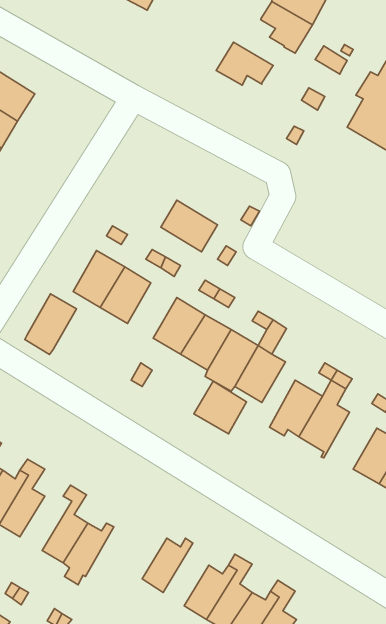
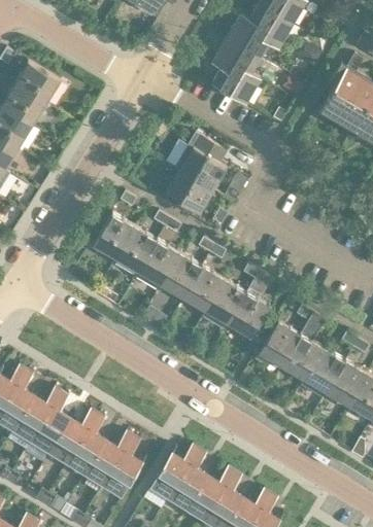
building: none -> [226,13,268,58]
building: none -> [211,66,259,103]
building: none -> [174,132,227,190]
building: [25,294,77,354] -> [135,239,178,289]
building: [194,381,247,434] -> none
building: none -> [300,347,345,398]
building: none -> [47,417,91,462]
building: none -> [102,429,140,495]
building: none -> [167,443,205,508]

